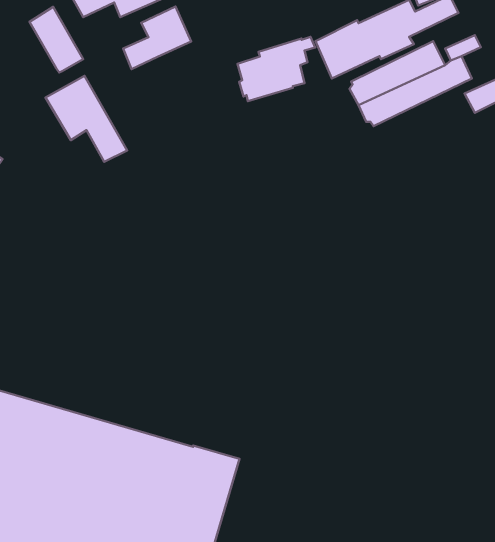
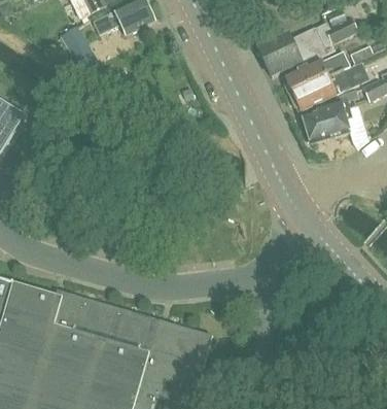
building: [123,6,191,69] -> none
building: [238,37,315,101] -> [303,97,356,141]
building: [46,76,127,162] -> none

